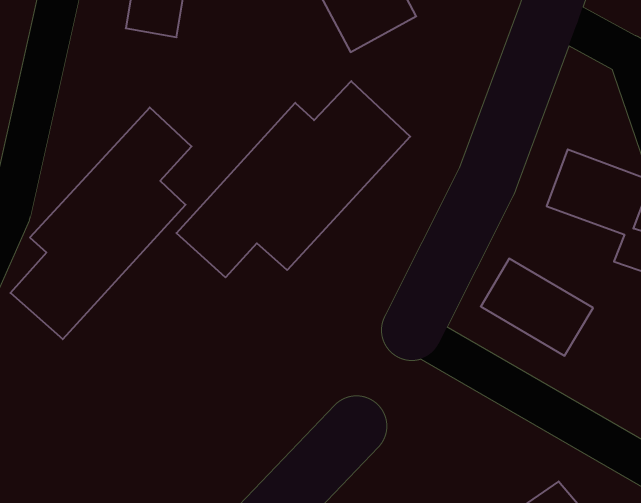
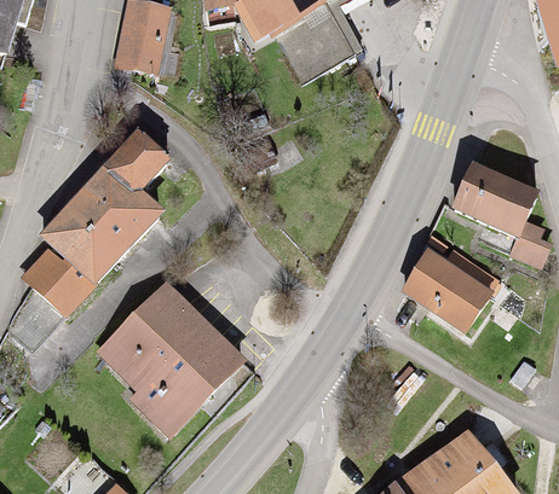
building: [176,81,410,277] -> none
building: none -> [103,283,242,432]

